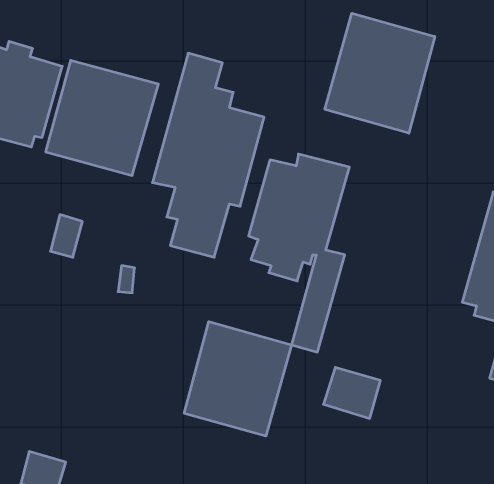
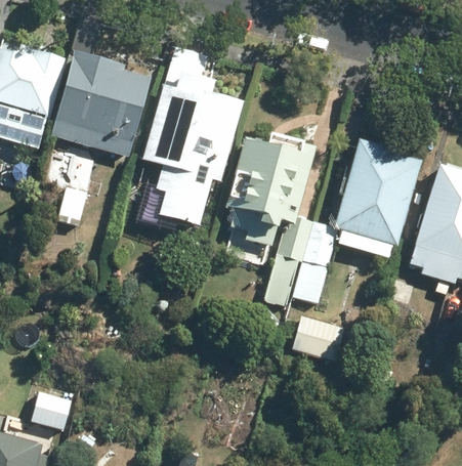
building: [325,13,435,133] -> none
building: none -> [290,142,419,301]
building: [184,322,291,436] -> none

